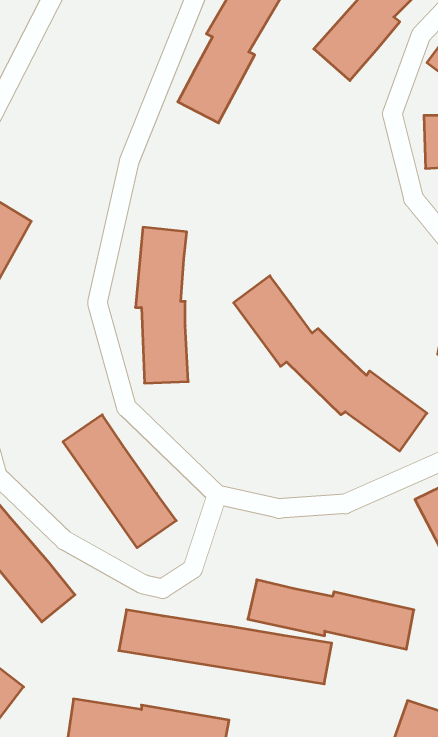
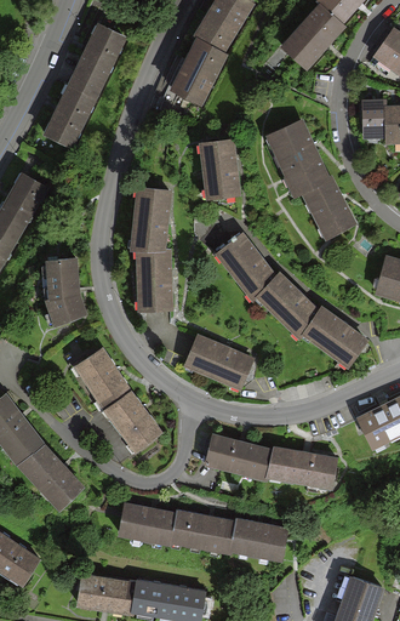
building: none -> [42,24,127,153]
building: none -> [261,123,355,244]
building: none -> [200,144,244,206]
building: none -> [47,255,90,326]
building: none -> [185,340,255,394]
building: [248,580,414,649] -> [206,432,339,488]

